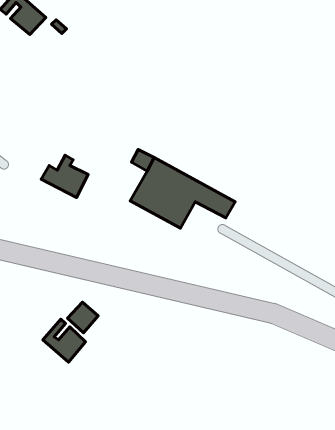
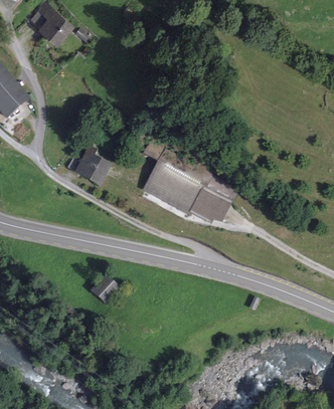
building: none -> [189,189,229,222]
building: [43,319,86,362] -> none

